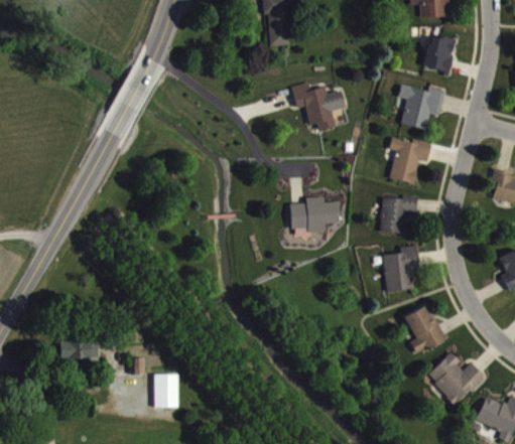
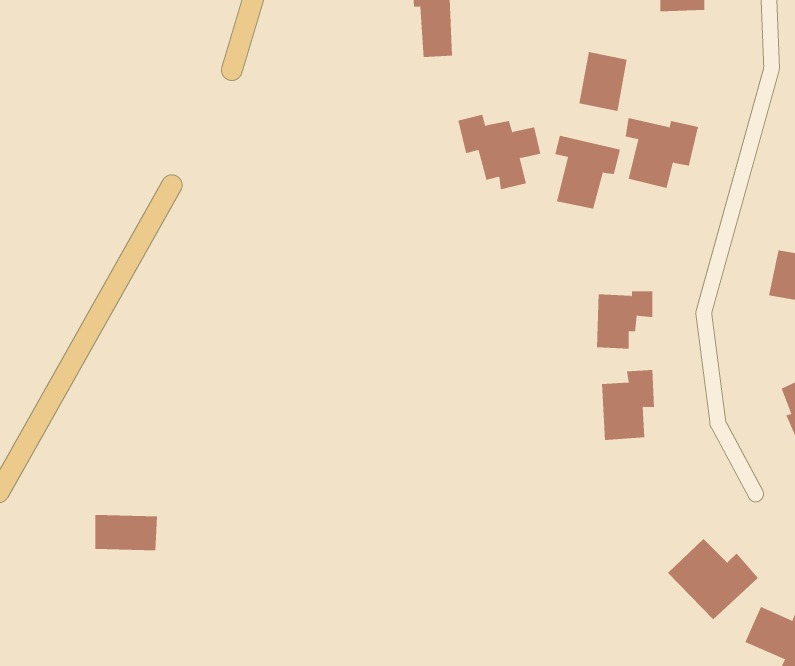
building: [424,34,456,72] -> [579,52,628,112]
building: [389,136,431,183] -> [555,135,621,209]
building: [290,196,340,231] -> none
building: [403,304,446,355] -> none
building: [154,375,178,408] -> none

